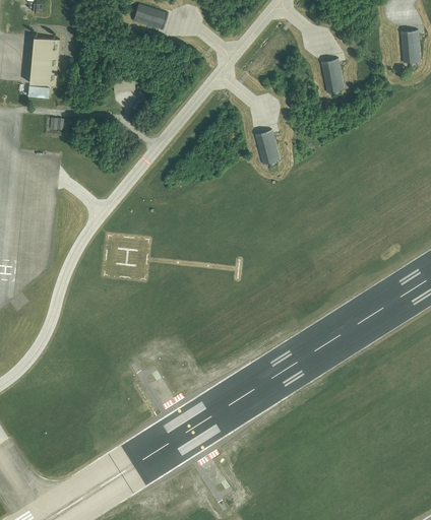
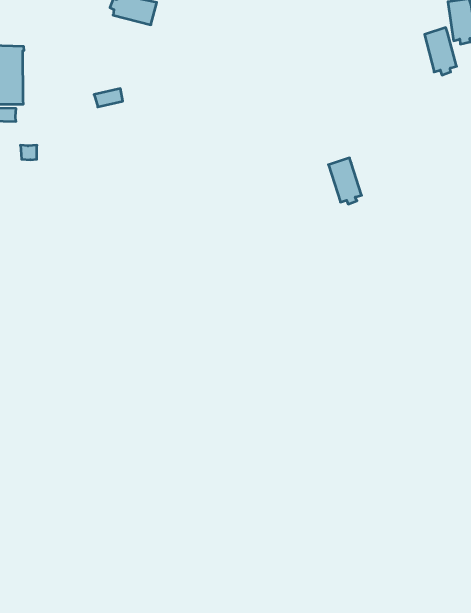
building: [320,58,344,95] -> [425,28,457,75]
building: [254,130,279,167] -> [328,158,362,204]

